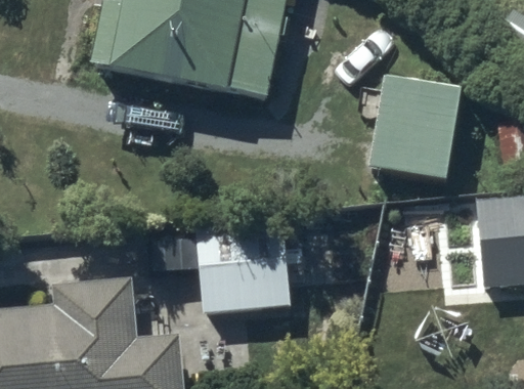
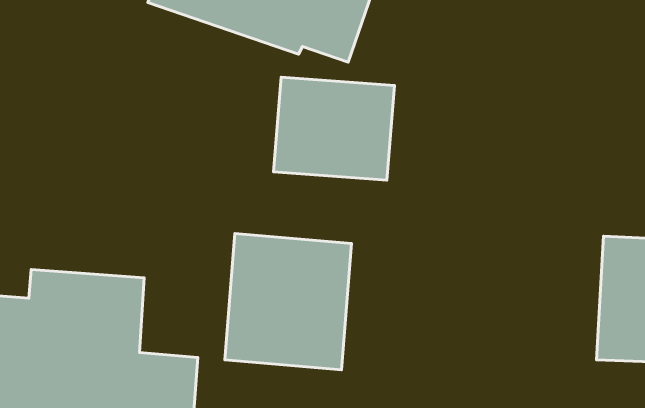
building: [369,84,464,200] -> none
building: none -> [274,77,394,180]

